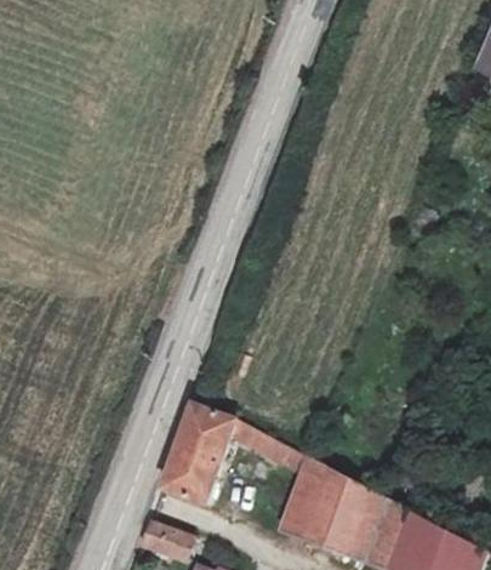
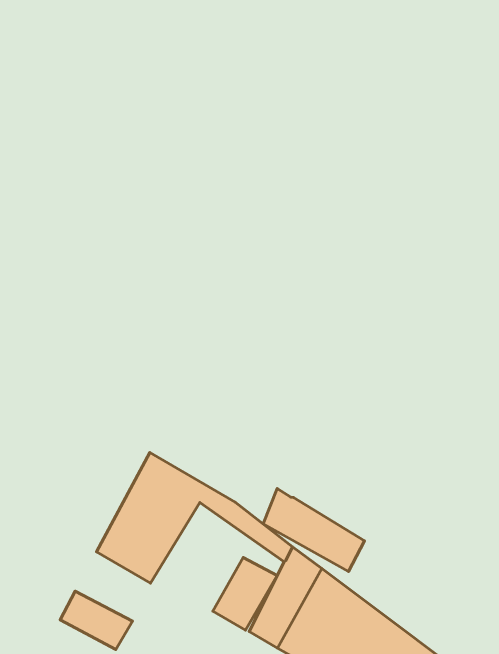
building: none -> [263,488,365,571]
building: none -> [213,557,277,630]

